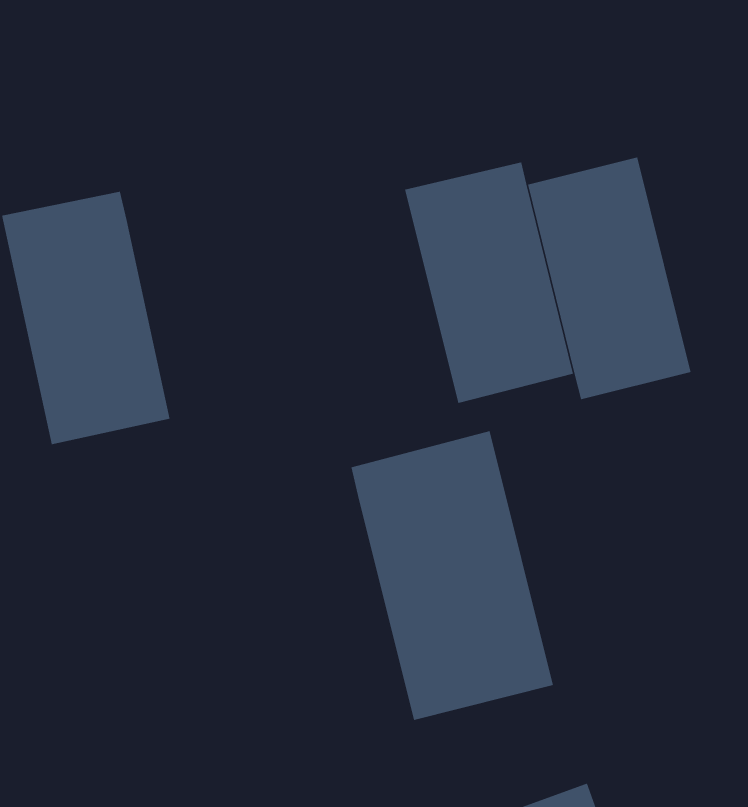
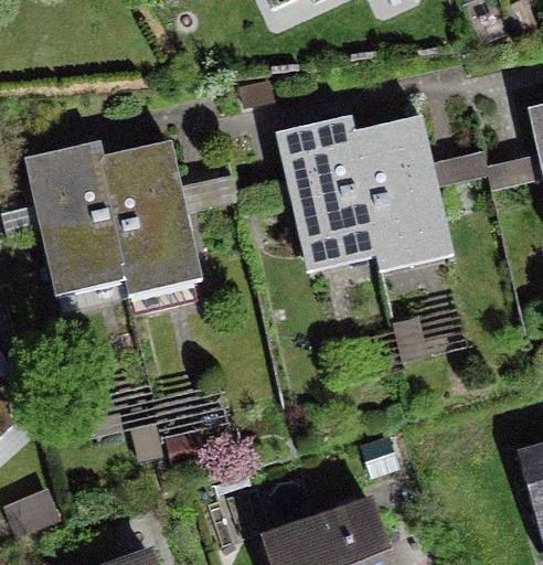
building: none -> [99,141,196,290]
building: [351,430,554,721] -> none

